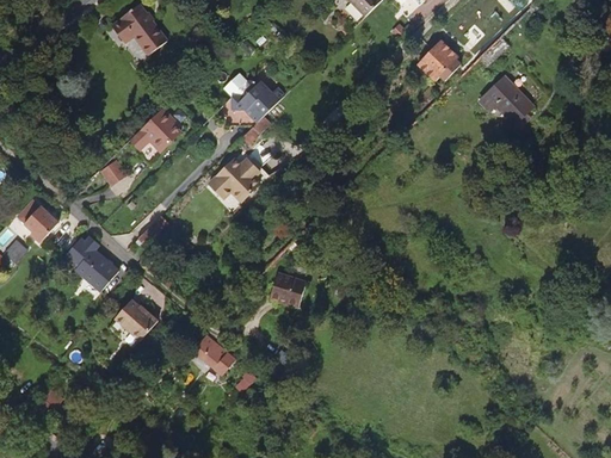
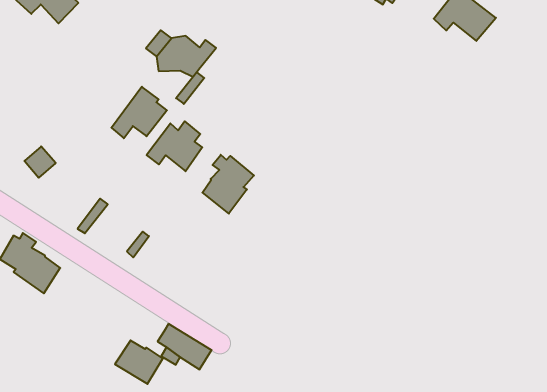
building: [130,105,181,149] -> [111,87,167,138]
building: none -> [202,155,254,214]
building: [267,273,306,310] -> none
building: [117,297,160,338] -> [115,340,163,384]

